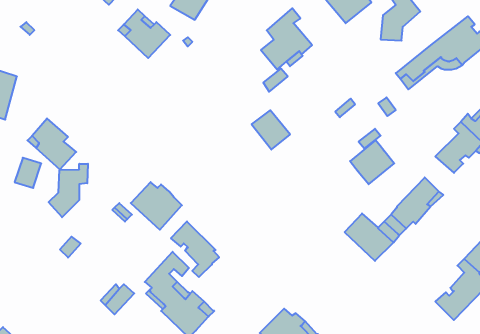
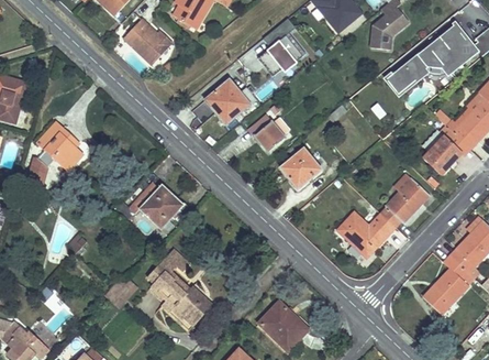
building: none -> [204,79,256,124]
building: [350,140,394,184] -> [279,148,321,189]
building: [49,164,88,217] -> none
building: [171,221,219,277] -> none

